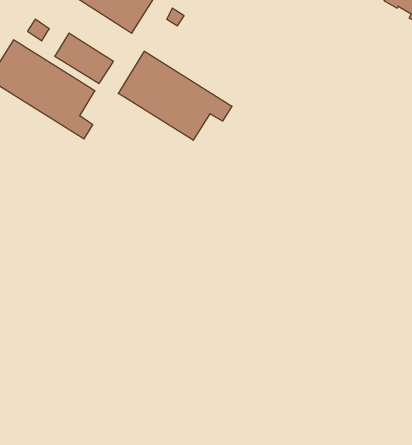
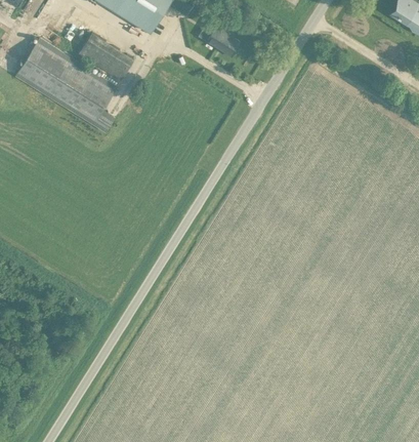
building: none -> [205,28,239,58]
building: [118,51,232,140] -> none

